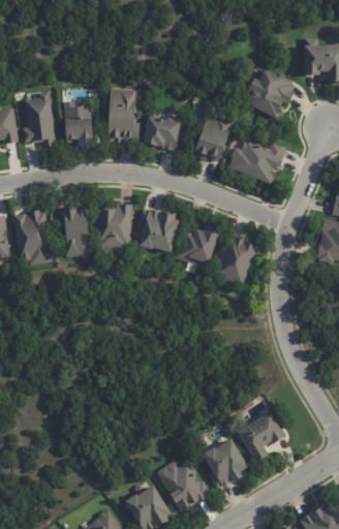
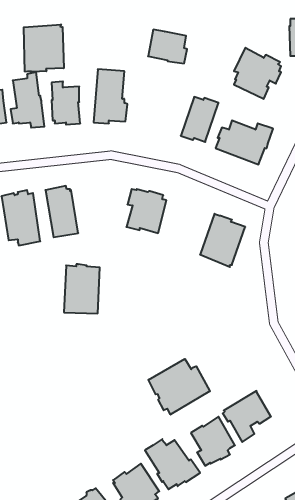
building: none -> [24,24,64,72]
building: [142,116,181,150] -> [148,30,187,63]
building: [96,203,132,252] -> [64,264,100,313]
building: [175,225,220,266] -> none
building: none -> [148,359,210,415]

